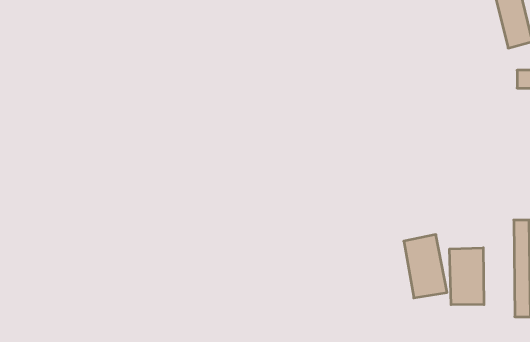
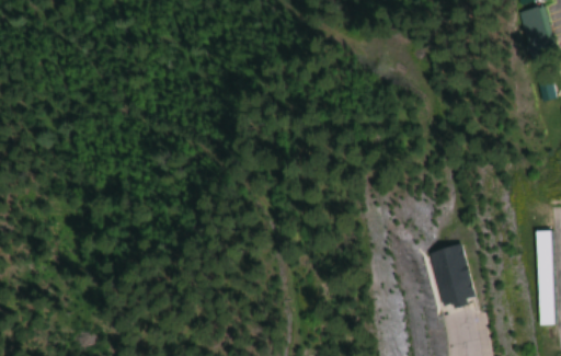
building: [450,248,484,305] -> none

